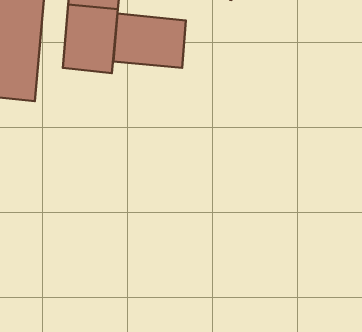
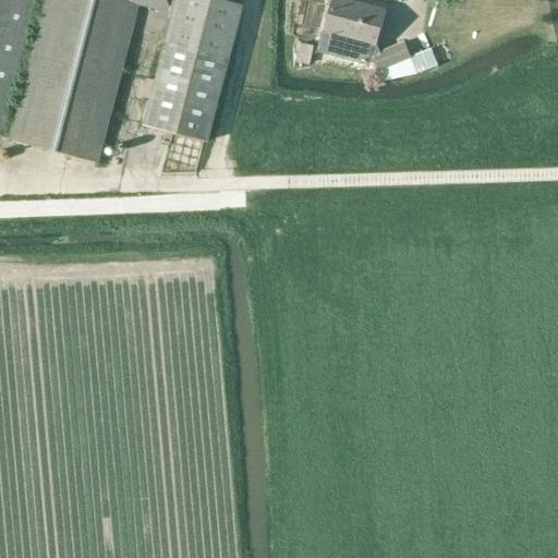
building: [113,13,186,68] -> none

